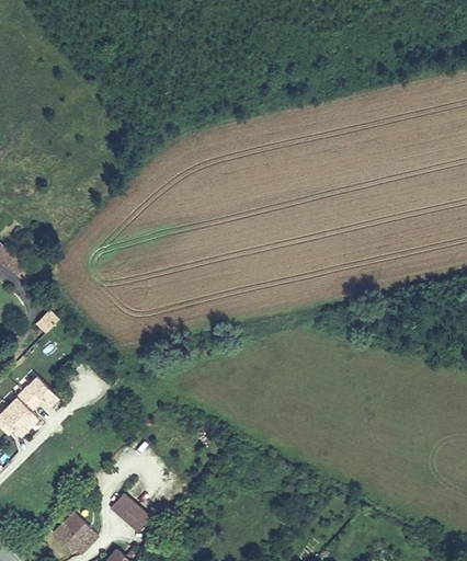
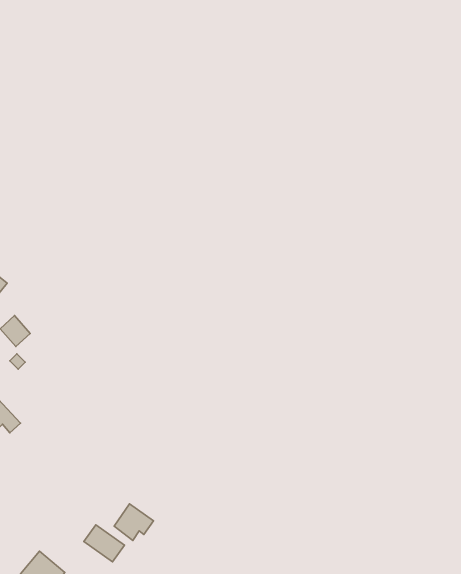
building: none -> [114,504,153,541]

